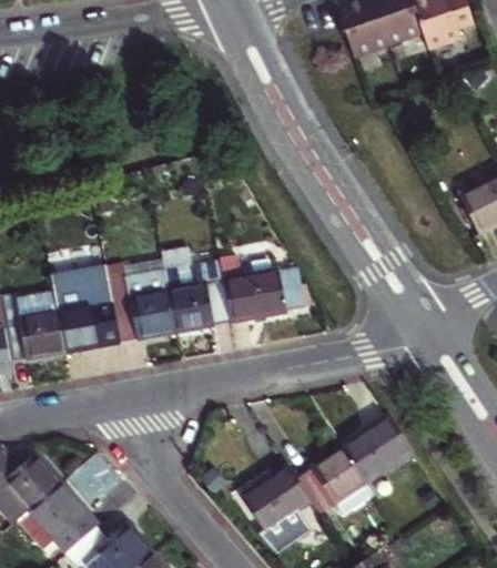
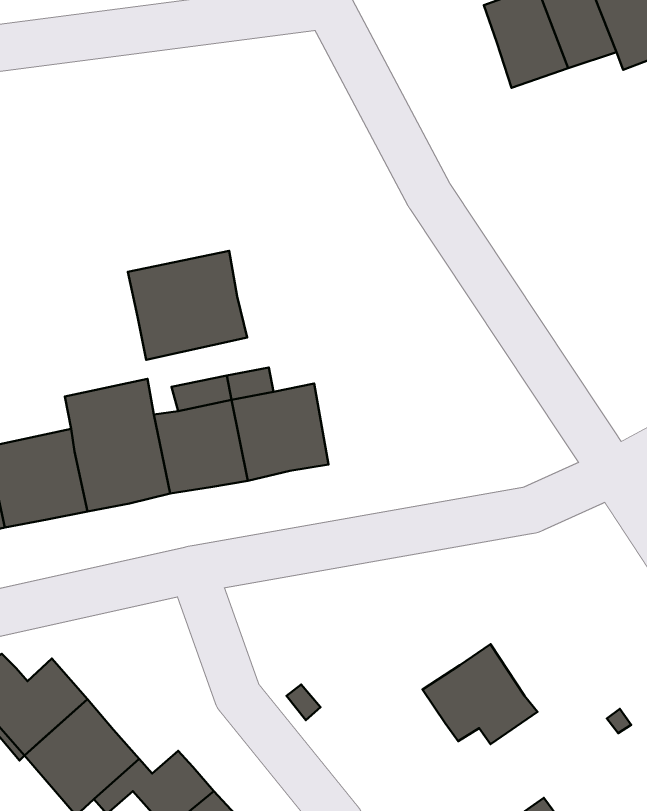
building: none -> [128,251,247,360]
building: [221,263,302,322] -> none
building: [342,414,412,480] -> none
building: [241,465,312,555] -> none

